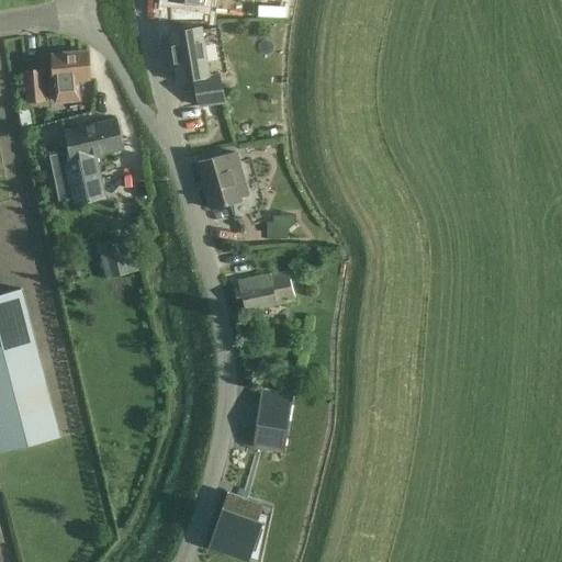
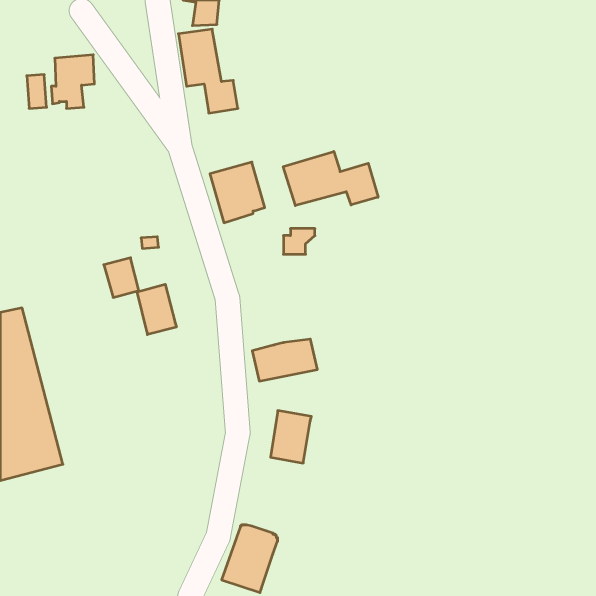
building: [49,119,124,205] -> none
building: none -> [283,151,378,206]
building: none -> [137,284,176,335]
building: [233,272,294,312] -> [252,339,317,381]

